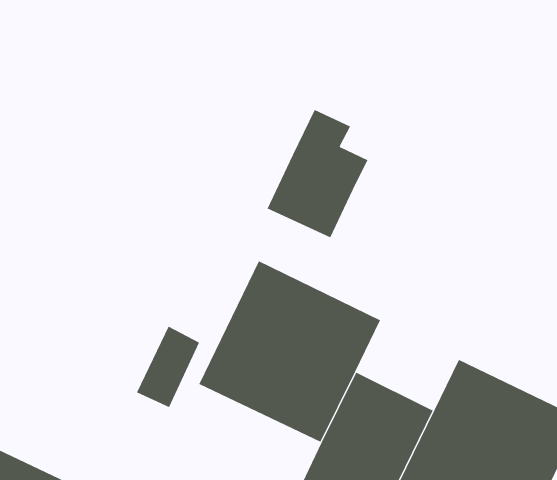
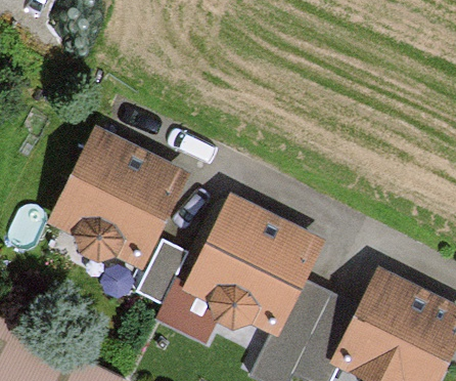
building: [267,109,368,238] -> none
building: none -> [52,134,186,268]

